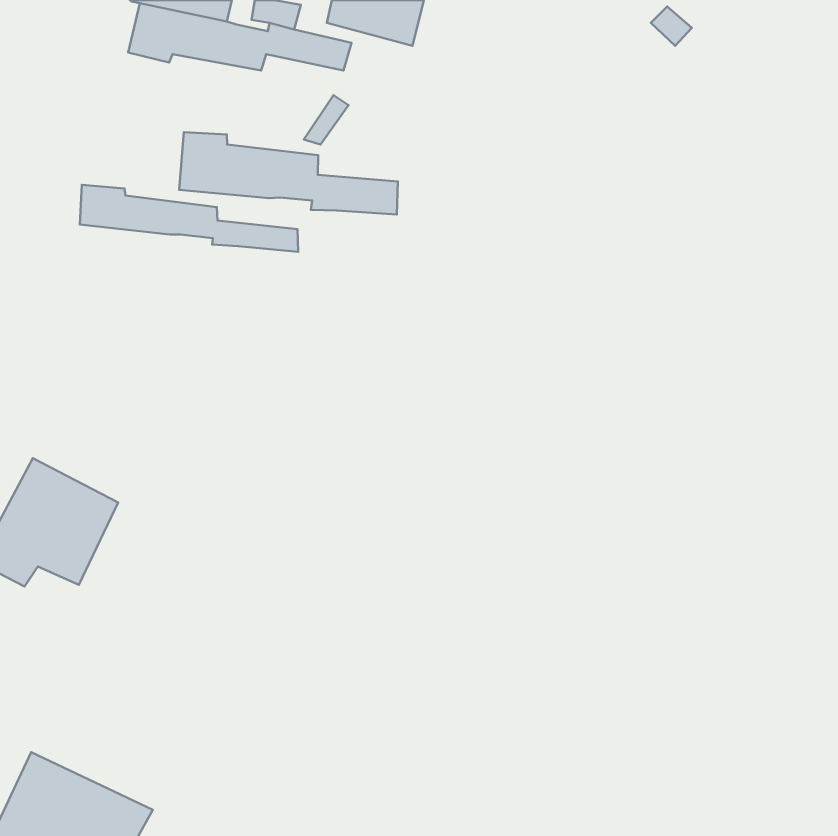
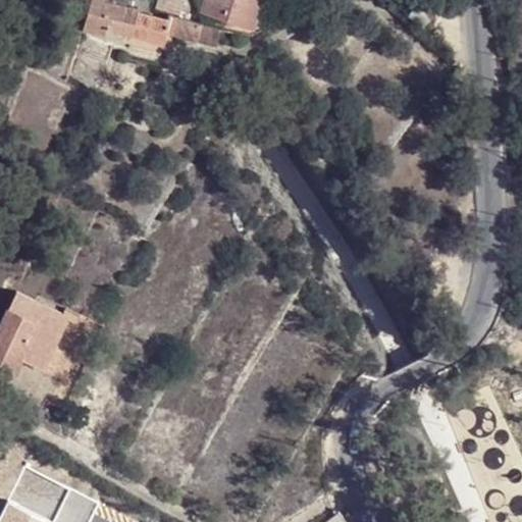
building: [179,132,398,215] -> none
building: [80,185,298,252] -> none

